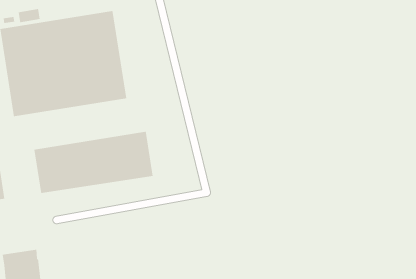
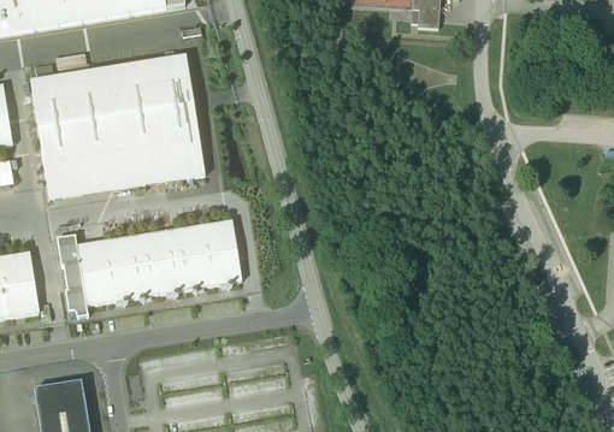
building: none -> [57,233,88,316]

